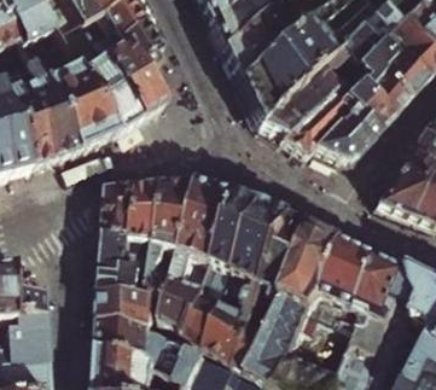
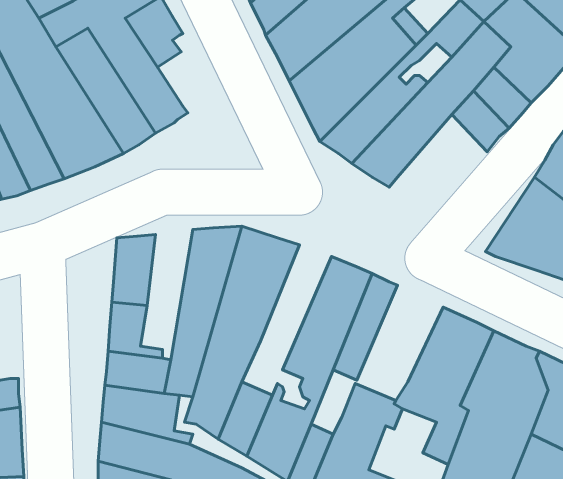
building: [314,104,378,161] -> none
building: [130,186,168,279] -> none
building: [216,197,267,290] -> none
building: [284,226,347,308] -> none

